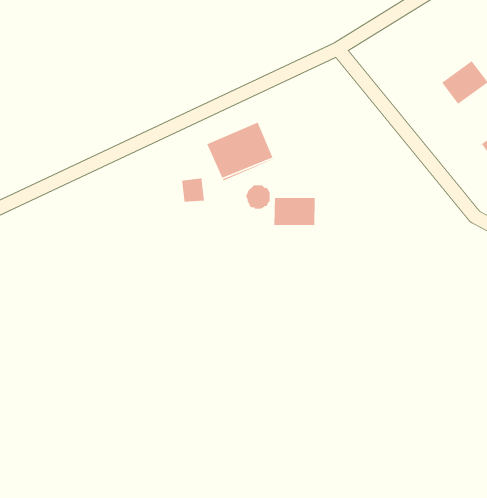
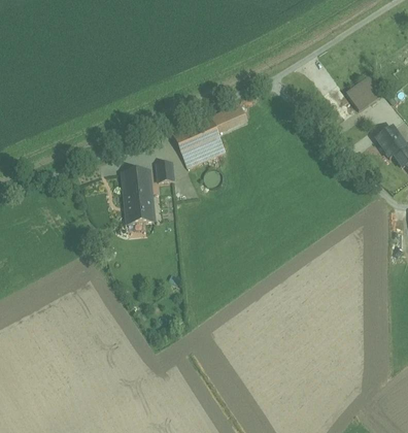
building: none -> [123,169,154,221]
building: [274,197,316,226] -> none

